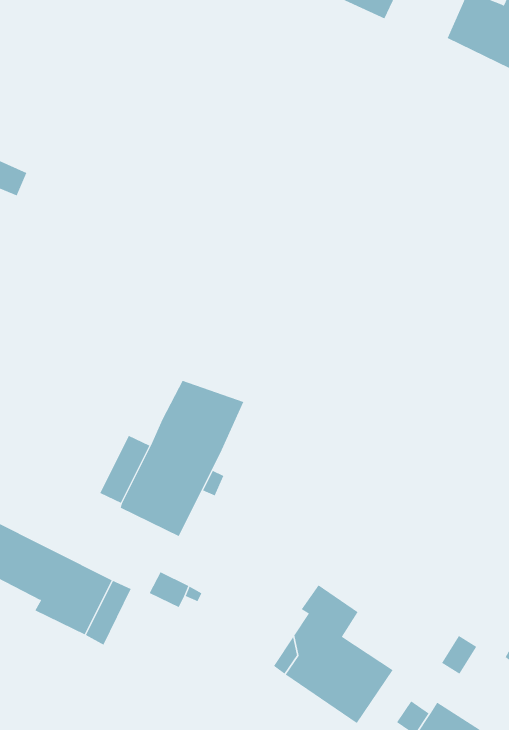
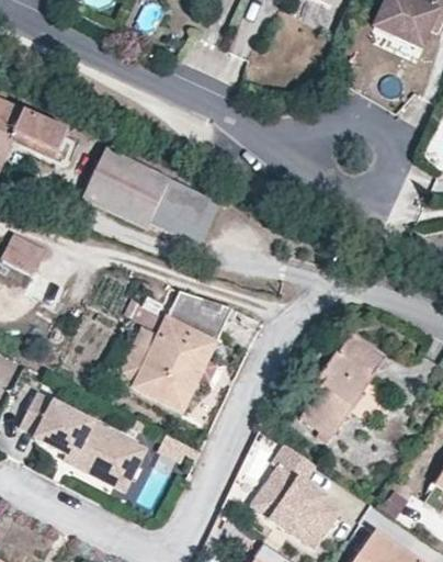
building: none -> [83,148,209,240]
building: none -> [299,336,383,441]

